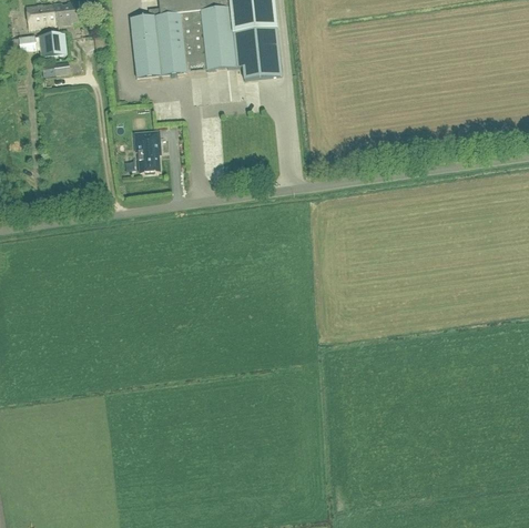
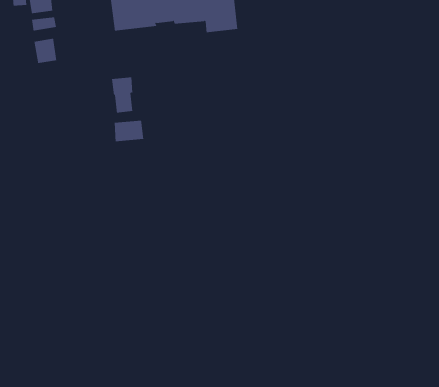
building: none -> [34,38,57,64]
building: none -> [114,120,144,142]

